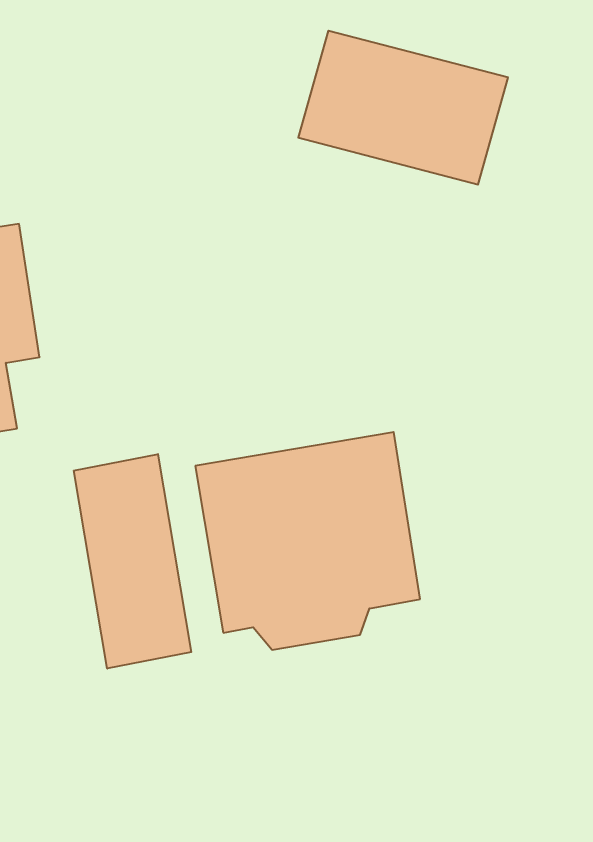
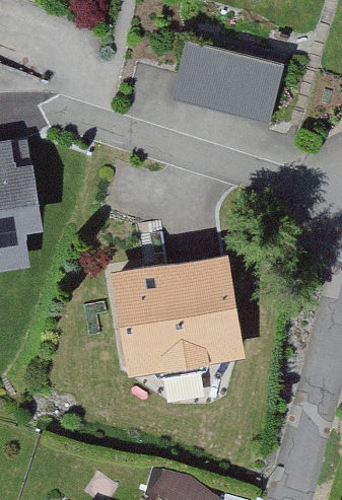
building: [74,454,191,669] -> none

